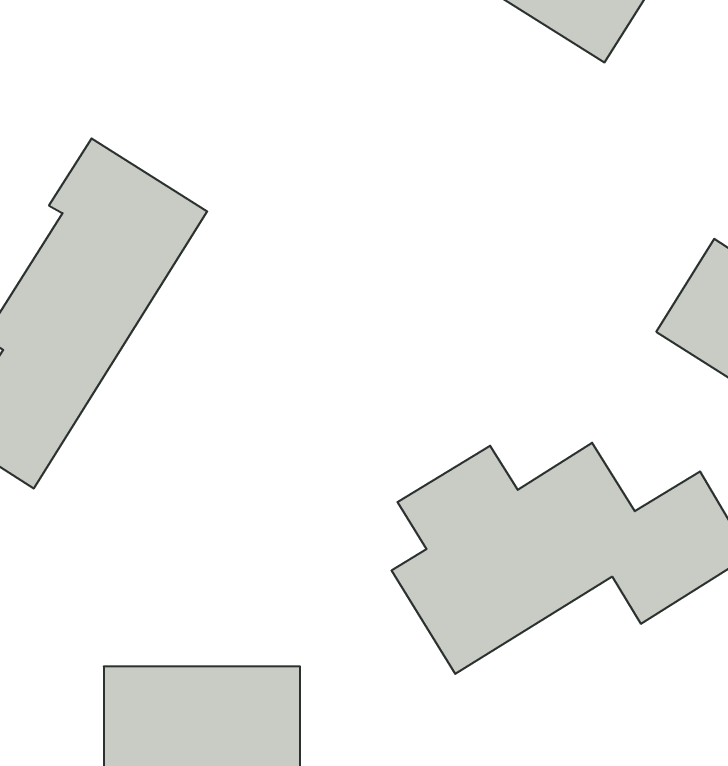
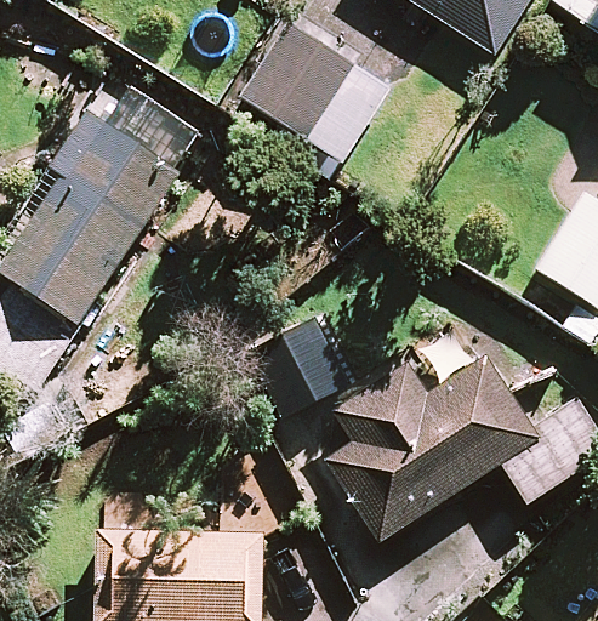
building: none -> [241,23,357,141]

